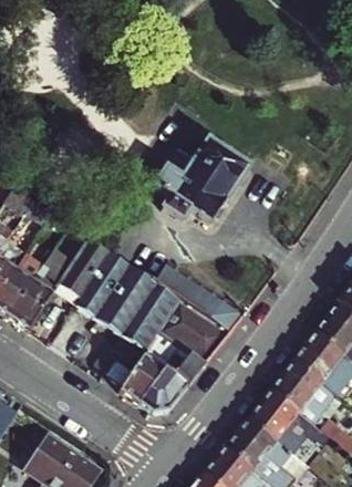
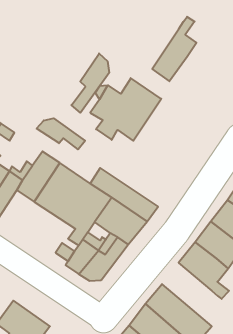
building: none -> [152,17,196,81]
building: none -> [71,53,109,113]
building: none -> [37,118,85,149]
building: [249,386,315,439] -> none

